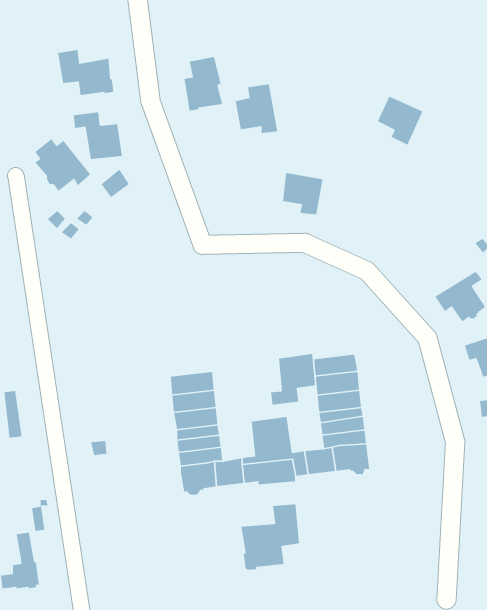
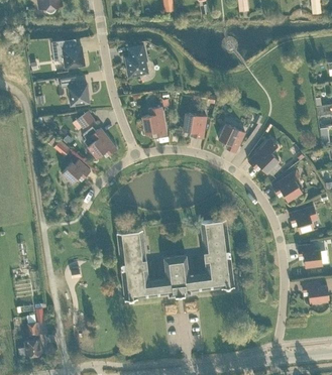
building: [235,83,278,134] -> [141,106,167,135]
building: [377,96,423,146] -> [218,123,245,152]
building: [34,138,91,192] -> [83,126,116,157]
building: none -> [248,137,279,172]
building: none -> [62,158,91,182]
building: [270,353,316,405] -> none
building: [240,503,300,570] -> none

